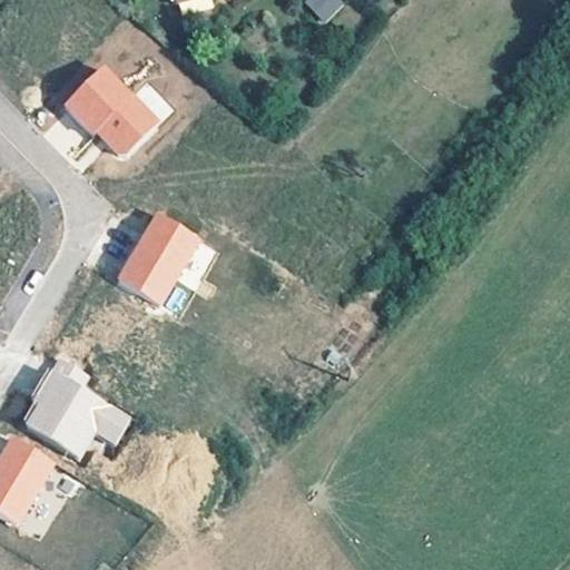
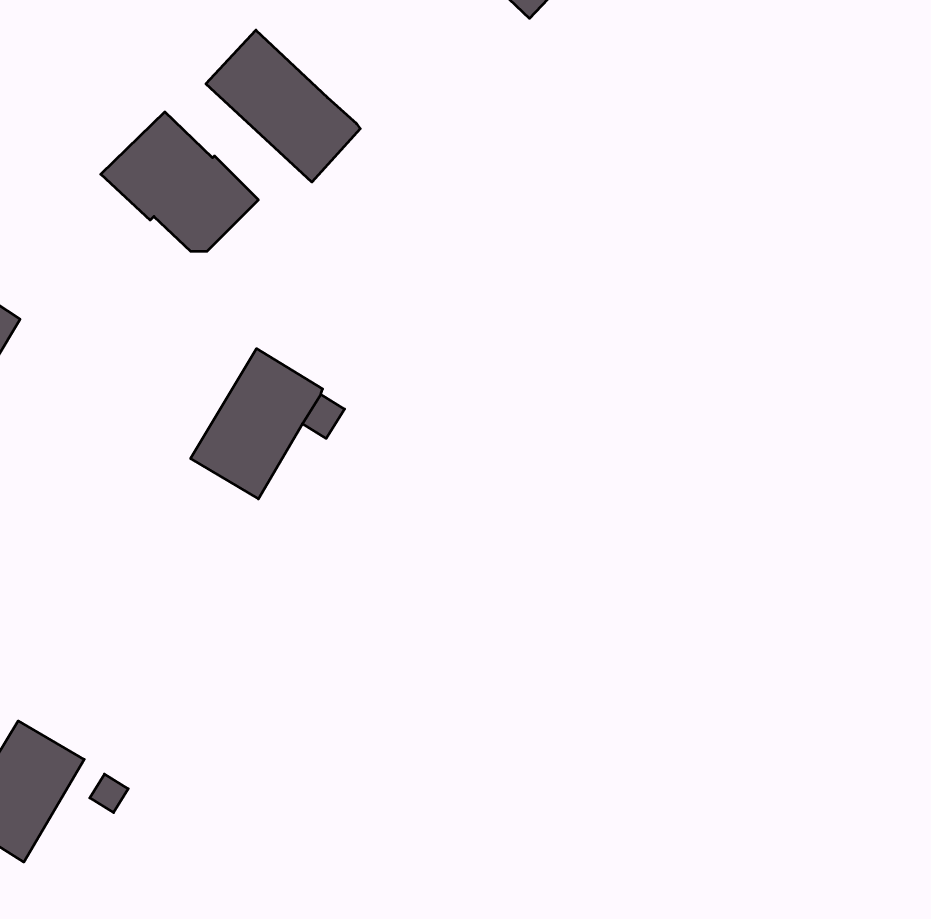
building: none -> [206,30,360,182]
building: [32,355,138,461] -> none

